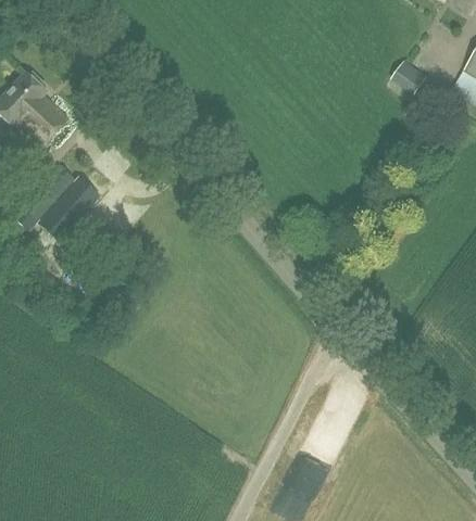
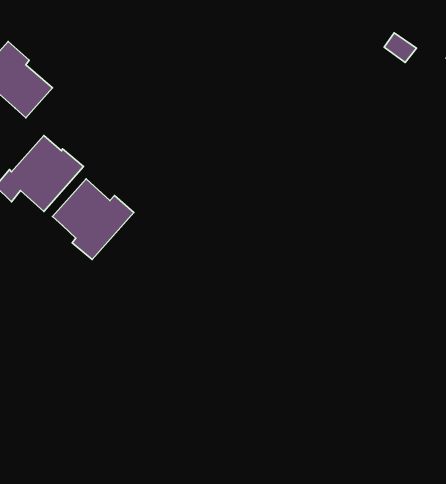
building: none -> [52,179,134,260]

